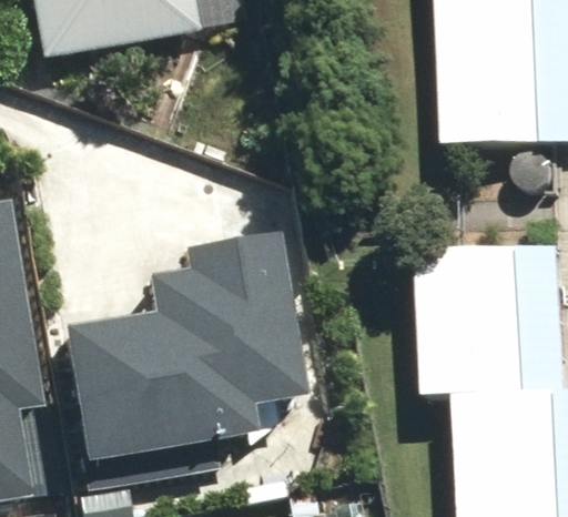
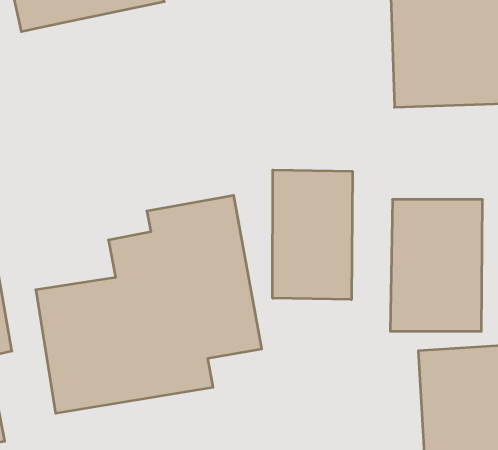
building: none -> [273,170,352,300]

